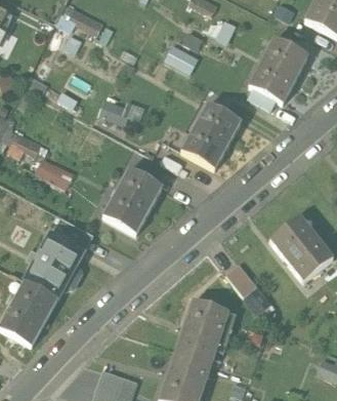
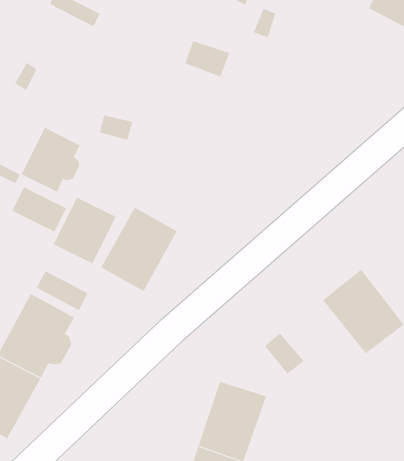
building: [249,37,306,102] -> none
building: [181,103,240,167] -> none
building: none -> [21,127,80,192]
building: none -> [53,197,116,264]

